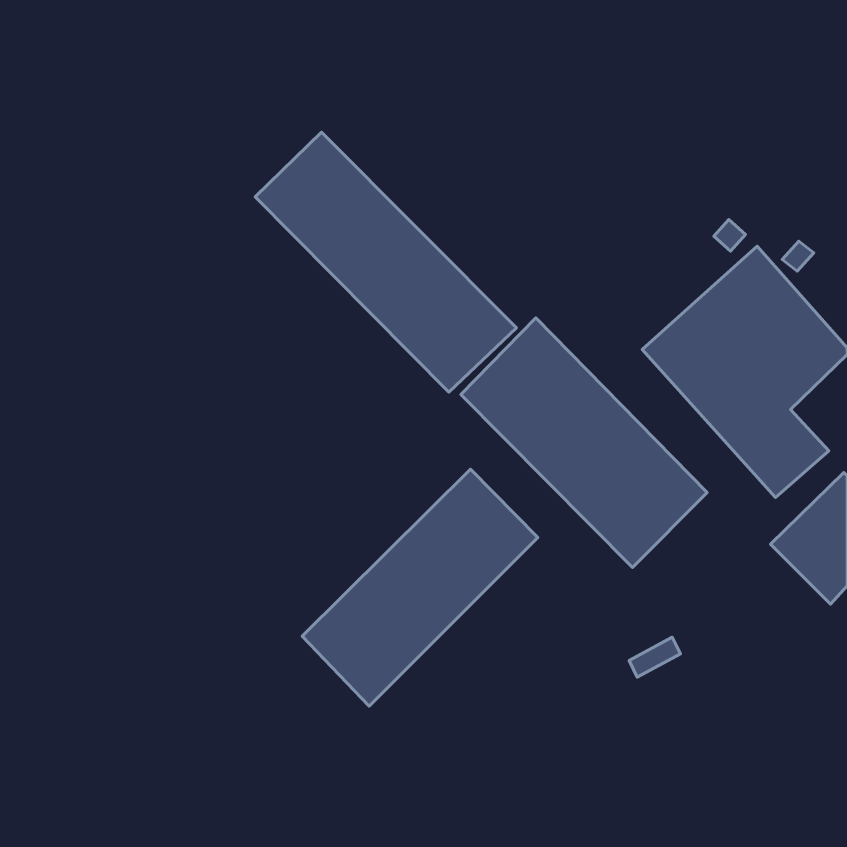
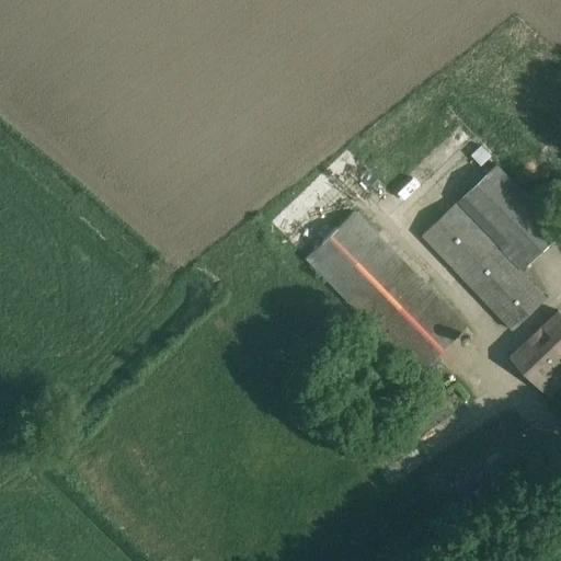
building: [255,132,516,392] -> none
building: [302,469,538,706] -> none

